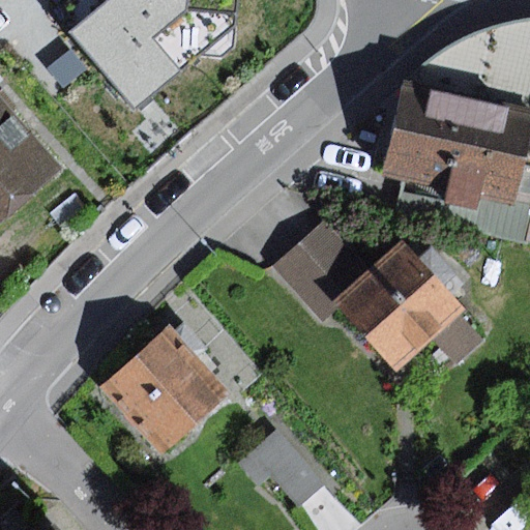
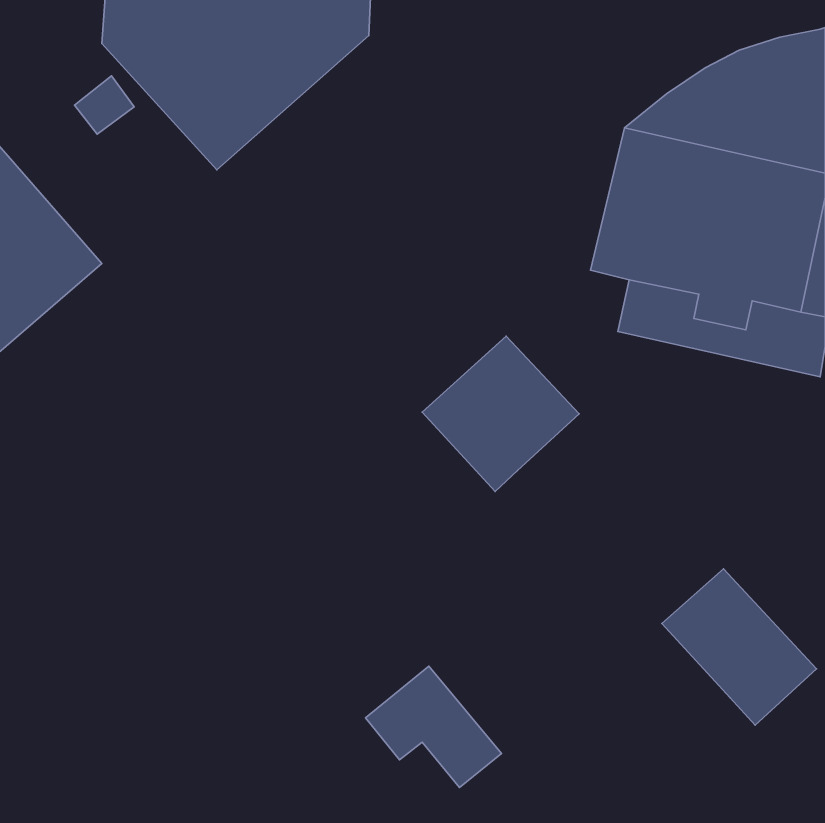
building: [331,237,481,366] -> none
building: [104,323,229,452] -> none
building: none -> [662,569,817,725]

